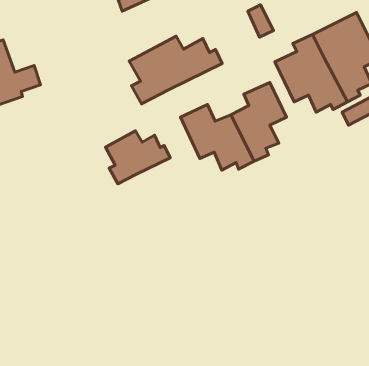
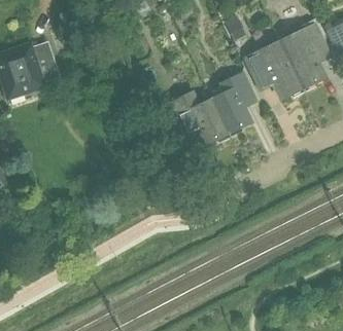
building: [129,36,222,104] -> none
building: [105,131,170,184] -> none

